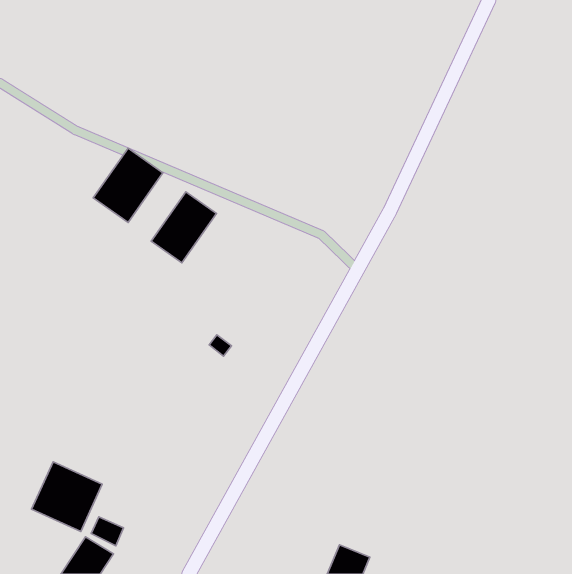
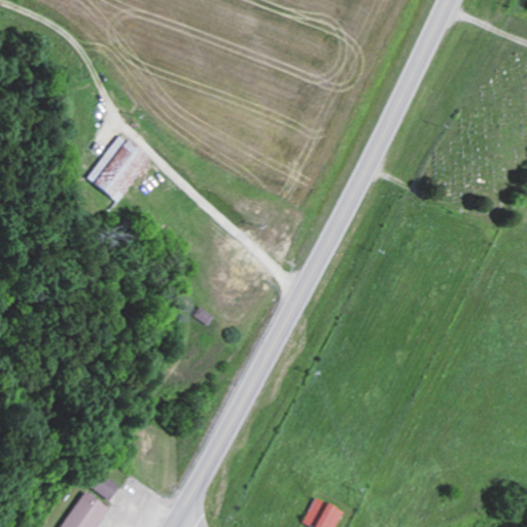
building: [151,192,217,263] -> none
building: [32,462,102,531] -> none

